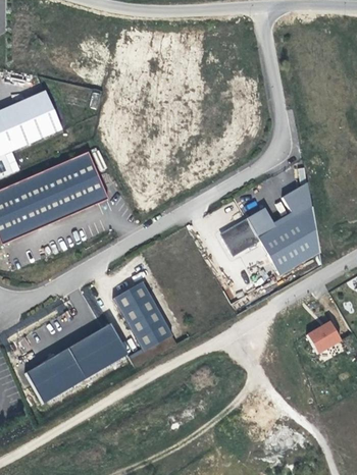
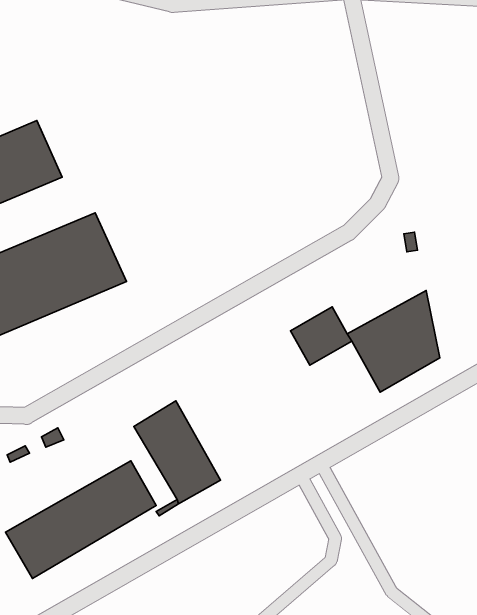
building: [248,182,312,235] -> none
building: [307,320,342,353] -> none

